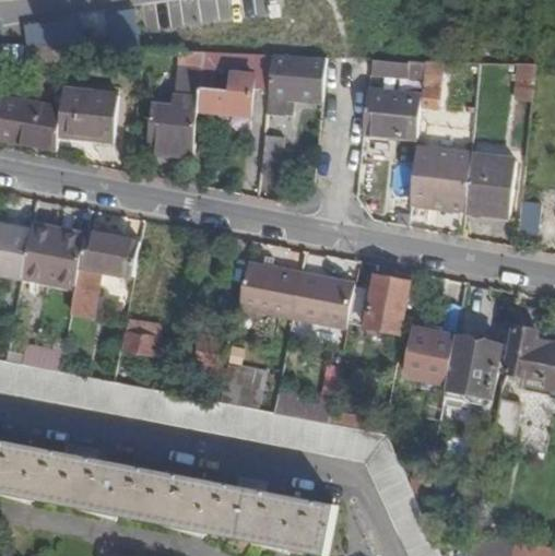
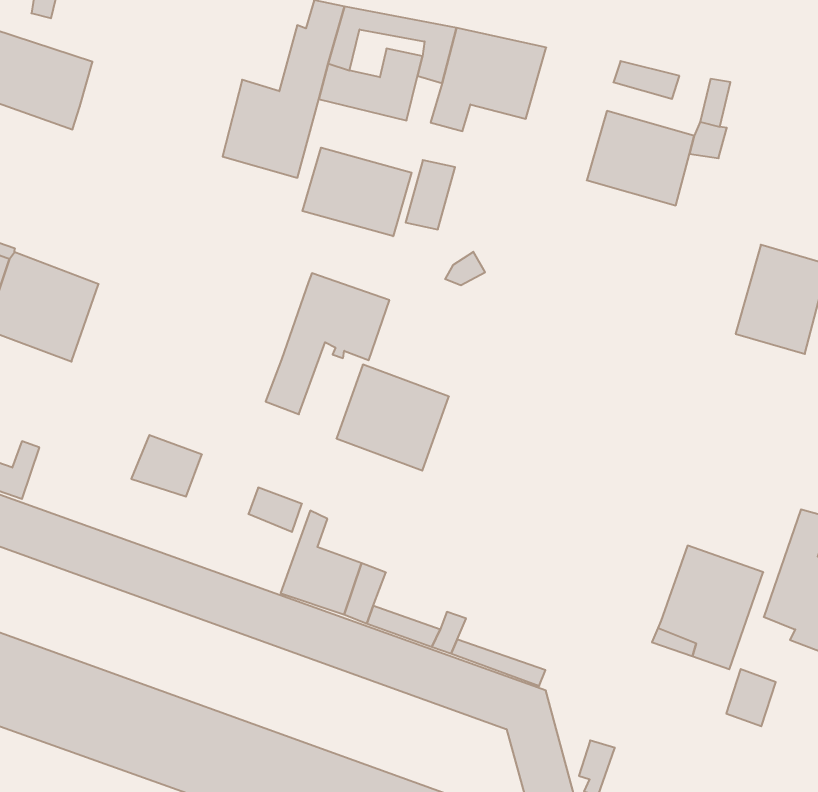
building: [57,88,118,142] -> none
building: none -> [302,148,412,236]
building: [408,145,470,208] -> none
building: [70,232,133,316] -> [266,273,389,414]
building: [292,271,353,327] -> none
building: [364,275,408,333] -> none
building: [405,329,454,383] -> none

